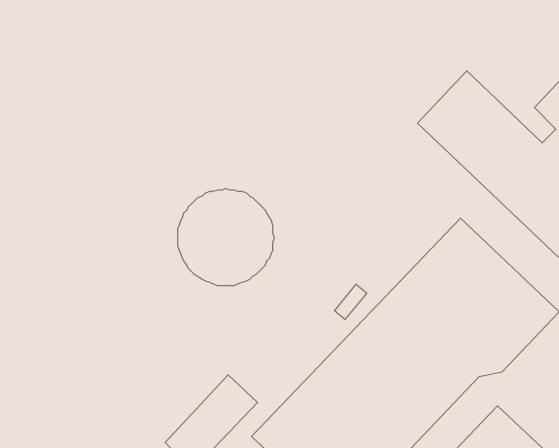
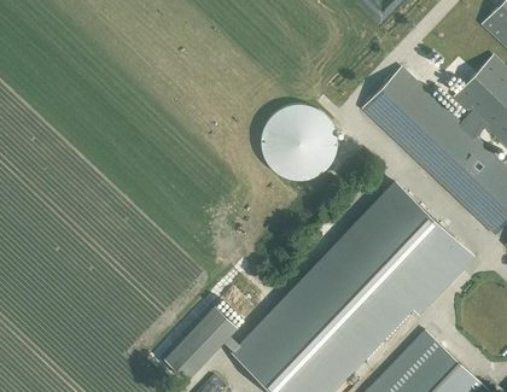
building: [178,189,274,285] -> [261,104,337,180]

